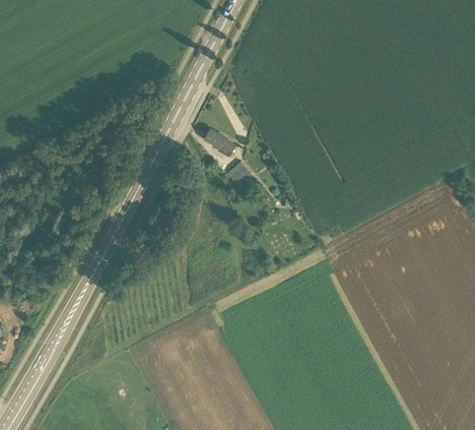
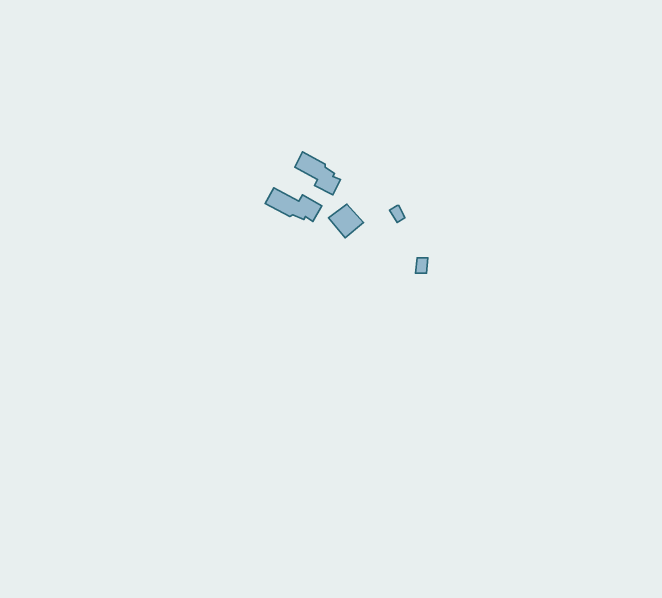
building: none -> [265,188,322,221]

